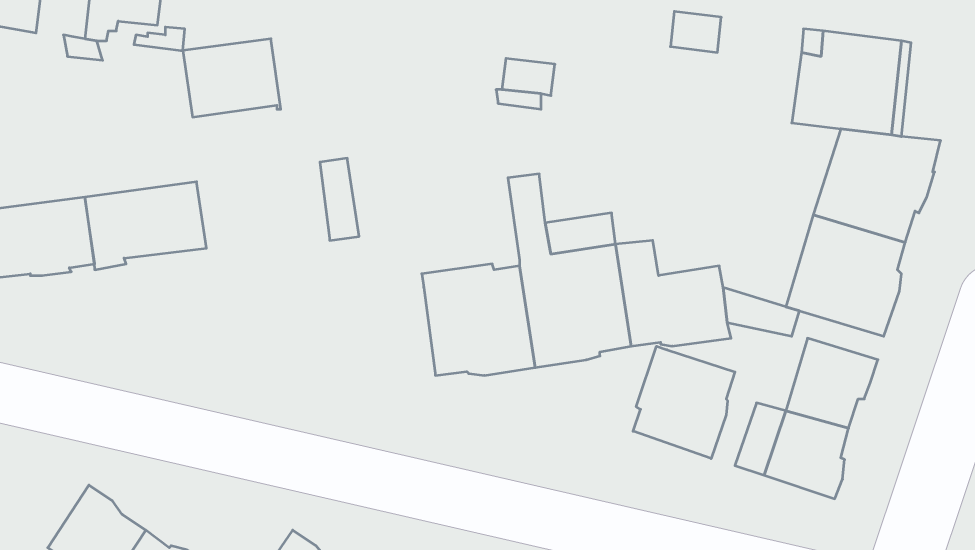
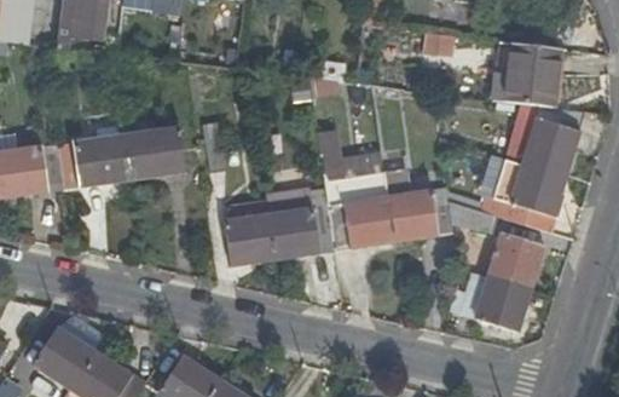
building: [183,39,281,117] -> [126,130,186,178]
building: none -> [225,202,273,267]
building: [633,346,735,459] -> none

